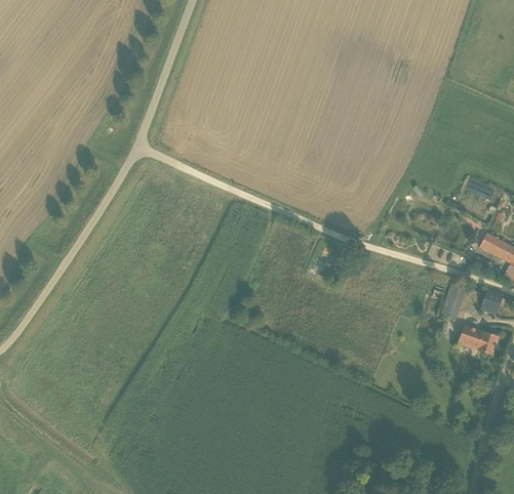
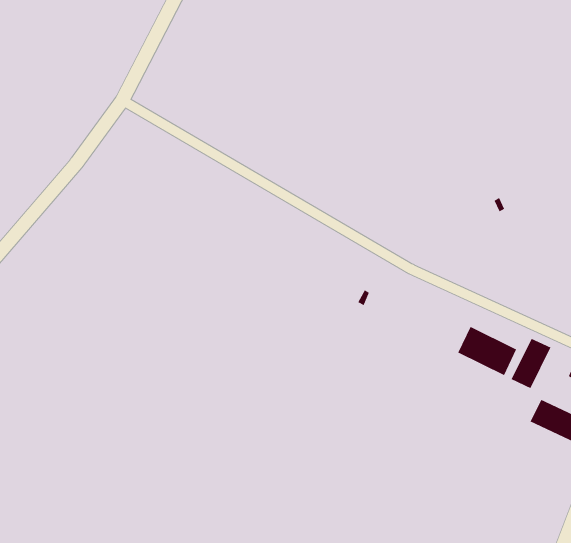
building: none -> [457,326,517,376]

